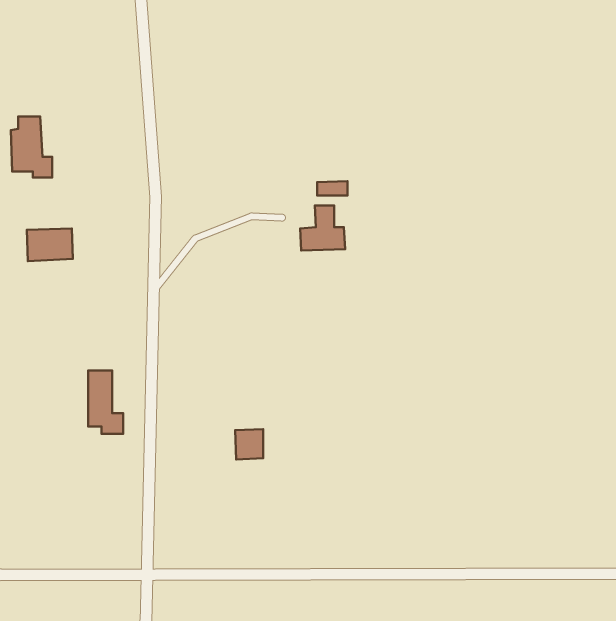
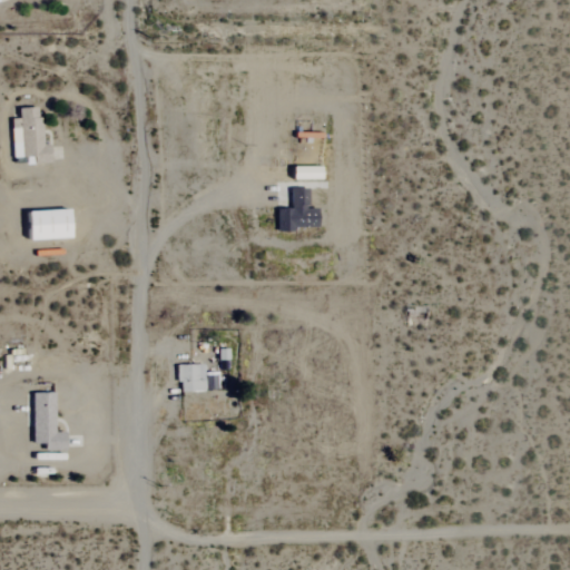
building: [88,371,123,434] -> [35,393,67,451]
building: [235,429,263,459] -> [180,364,206,392]

